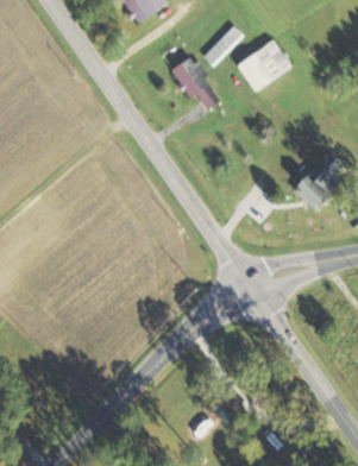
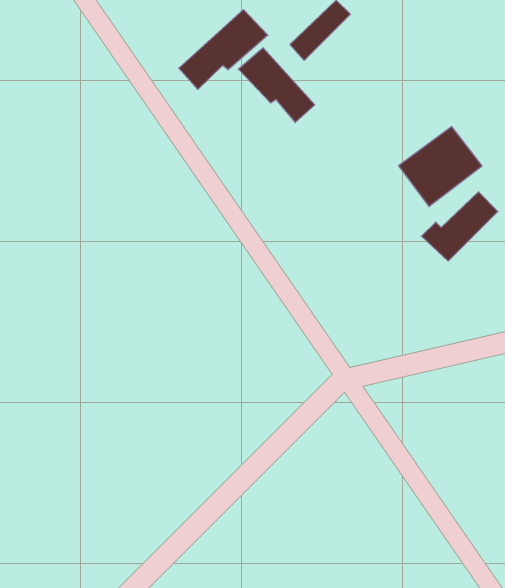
building: none -> [179,10,268,89]
building: [237,39,293,93] -> [399,127,482,207]

